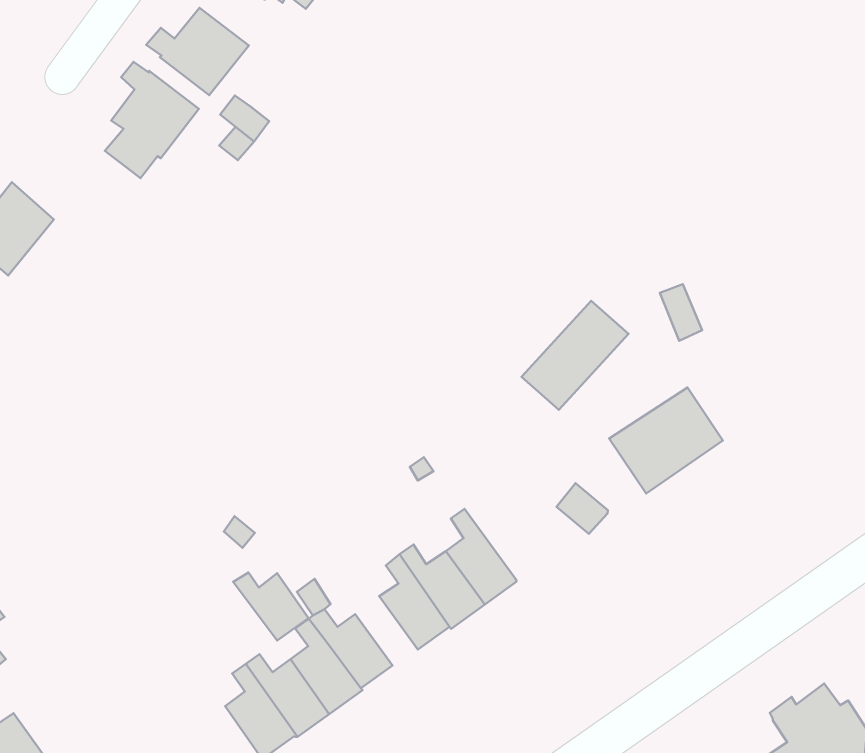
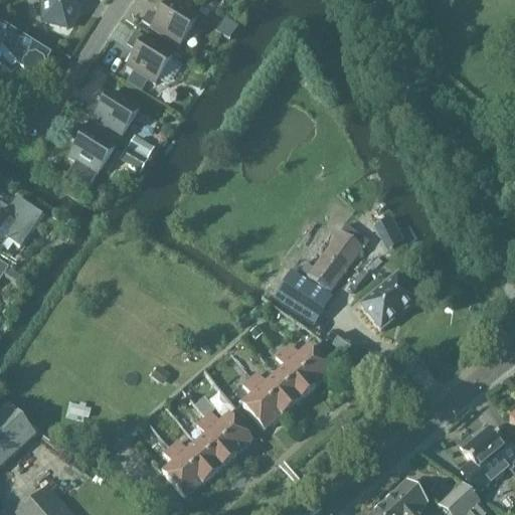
building: none -> [273,271,331,323]
building: none -> [282,343,330,385]
building: [233,572,308,641] -> none

